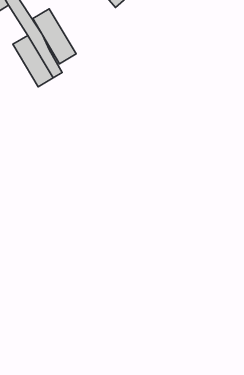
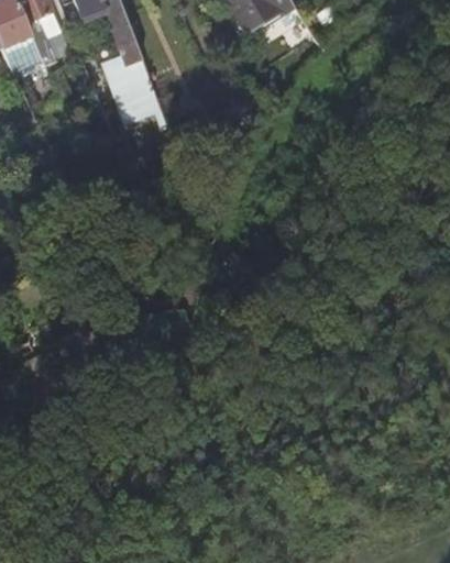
building: [33,9,76,64] -> none

